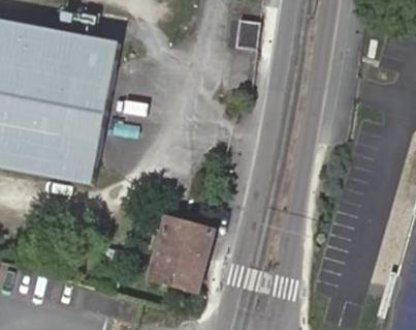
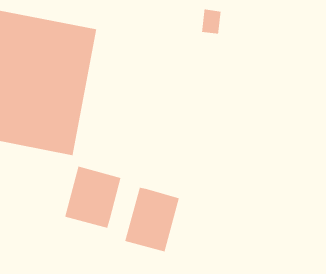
building: none -> [64,166,122,229]

